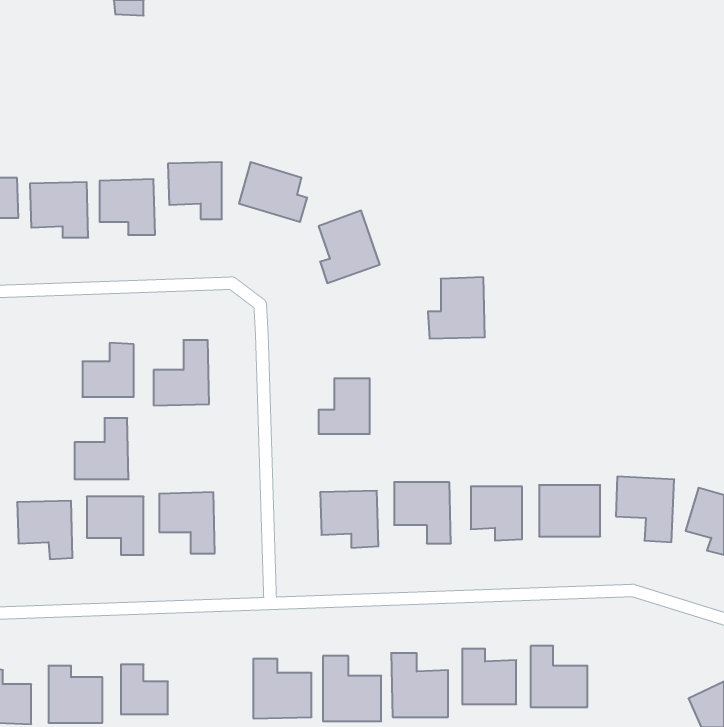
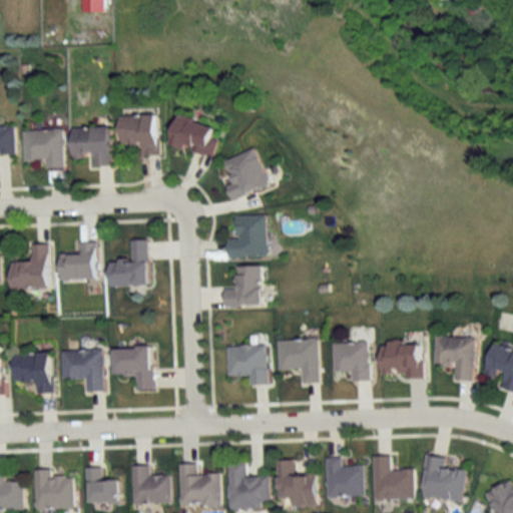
building: [428,277,485,338] -> [226,215,267,259]
building: [75,418,129,479] -> [9,244,47,288]
building: none -> [421,455,465,501]
building: none -> [131,466,169,504]

